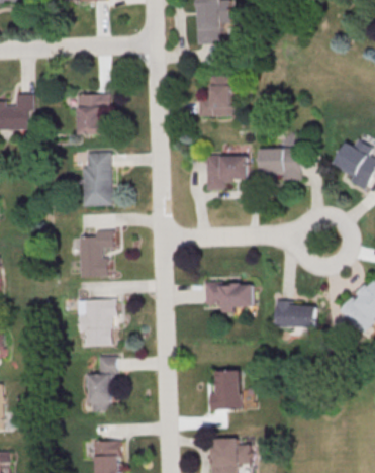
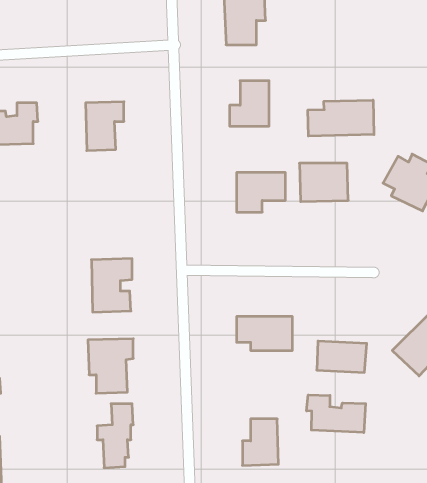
building: none -> [308,100,374,136]
building: [81,152,110,206] -> none
building: none -> [307,395,366,433]

